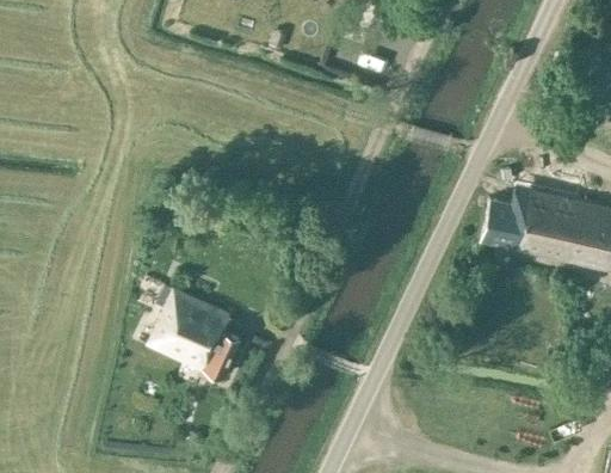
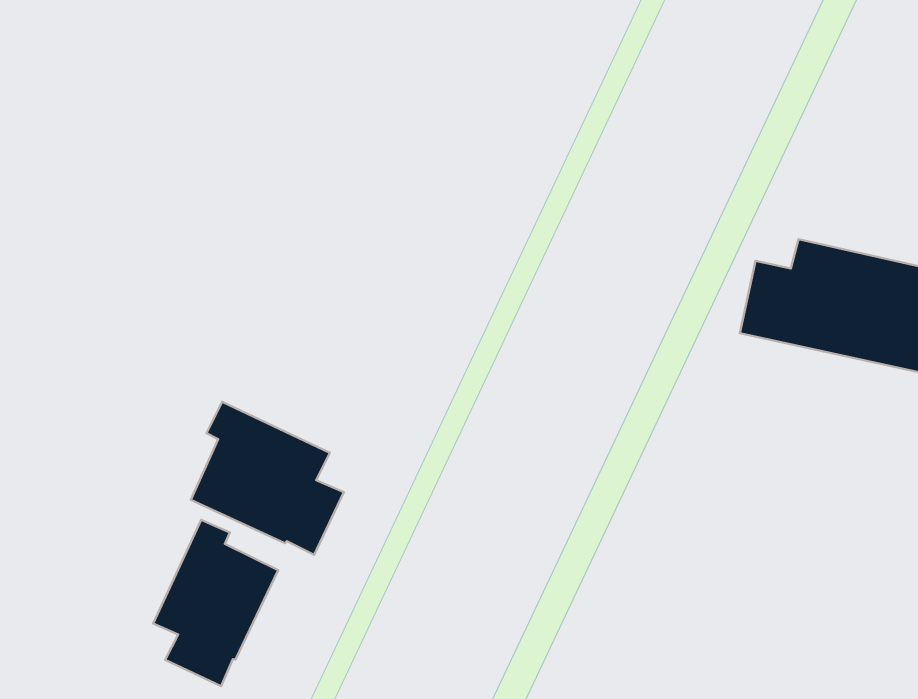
building: none -> [153,520,278,686]

